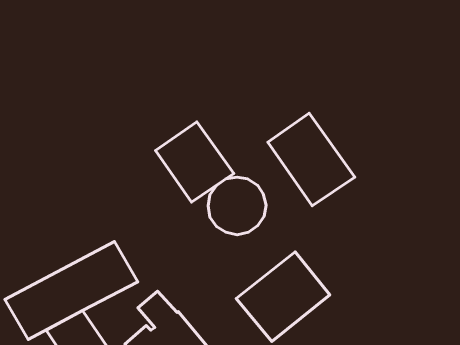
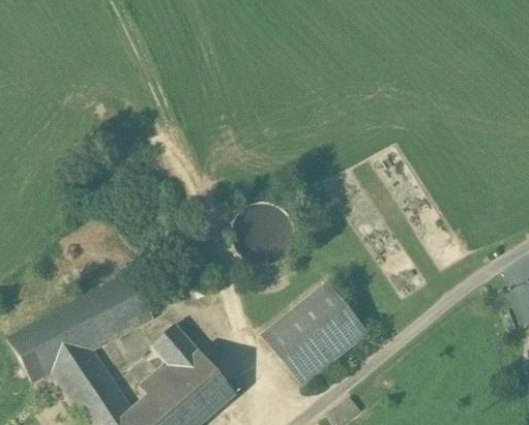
building: [268,113,355,206] -> none
building: [156,122,234,202] -> none

